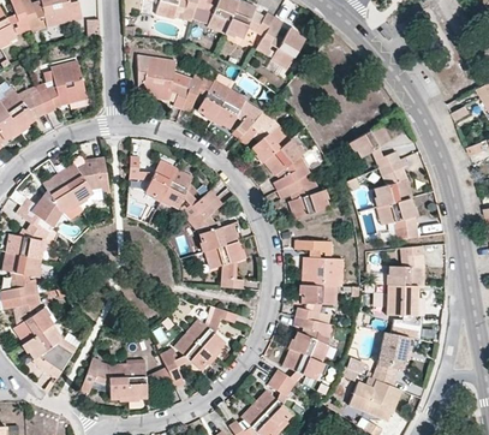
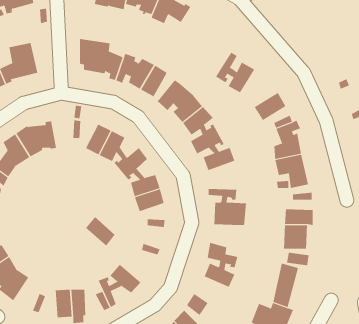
building: [255,18,304,68] -> [215,52,255,93]
building: [300,285,335,304] -> none
building: [186,318,223,356] -> [85,216,115,246]
building: [282,348,321,379] -> none

